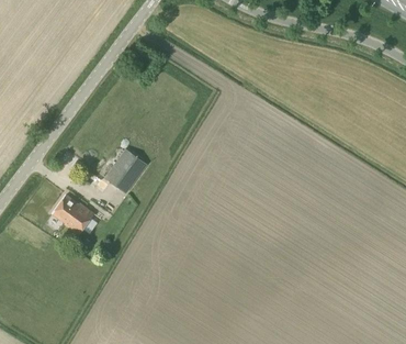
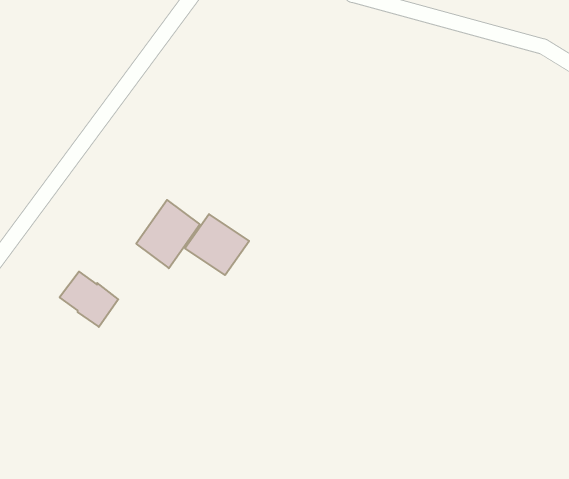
building: none -> [185,214,249,275]

